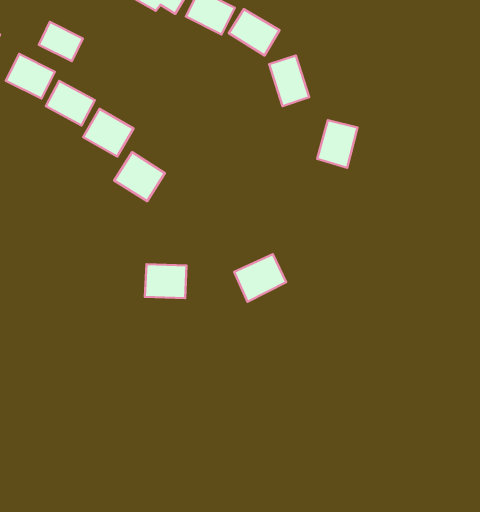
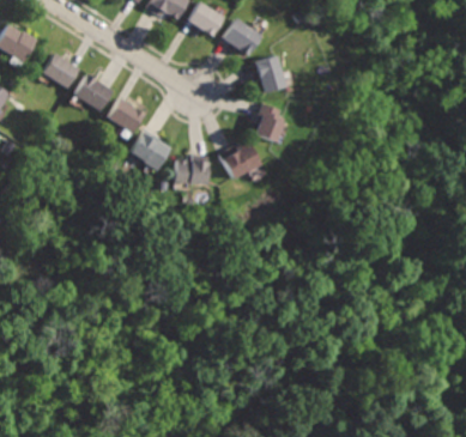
building: [39,22,83,61] -> none
building: [317,120,357,168] -> [254,104,286,142]
building: [234,254,286,302] -> [219,142,261,181]
building: [145,264,187,298] -> [175,158,208,186]

